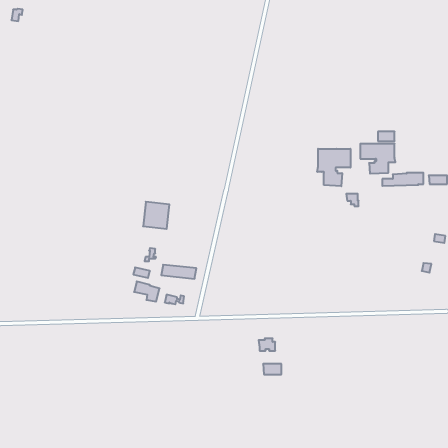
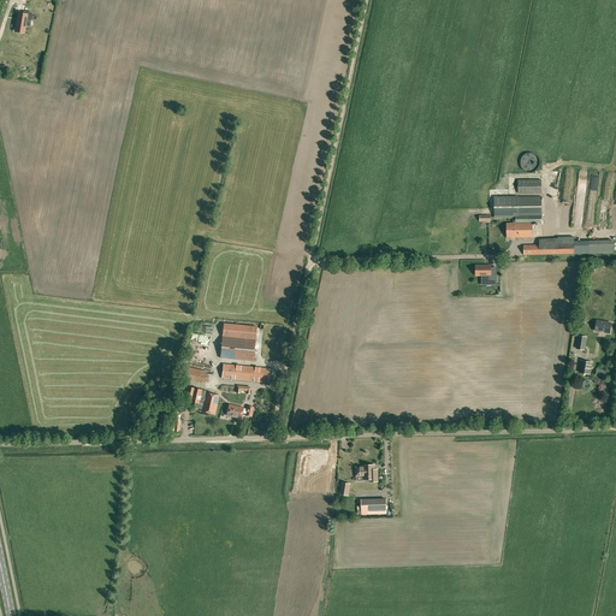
building: [317,149,350,186] -> none
building: [143,202,169,229] -> [220,324,256,361]

